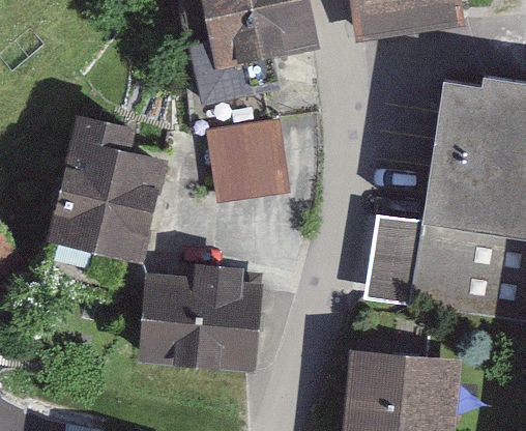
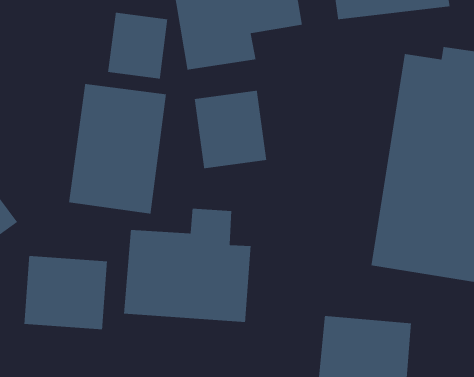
building: none -> [107,12,168,79]
building: none -> [24,255,108,330]

